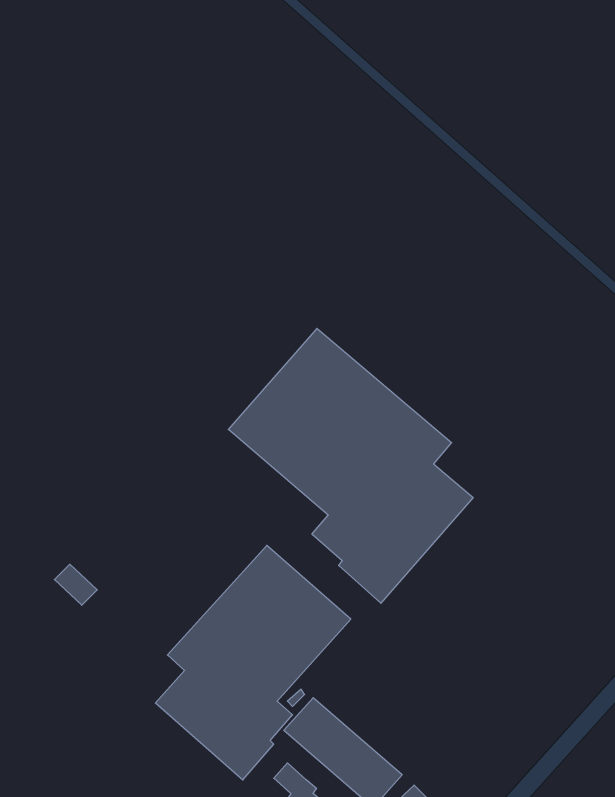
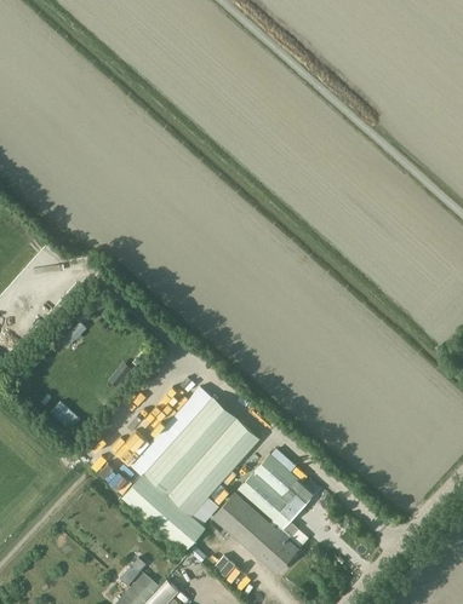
building: [228,328,473,603] -> none
building: none -> [239,451,314,536]

